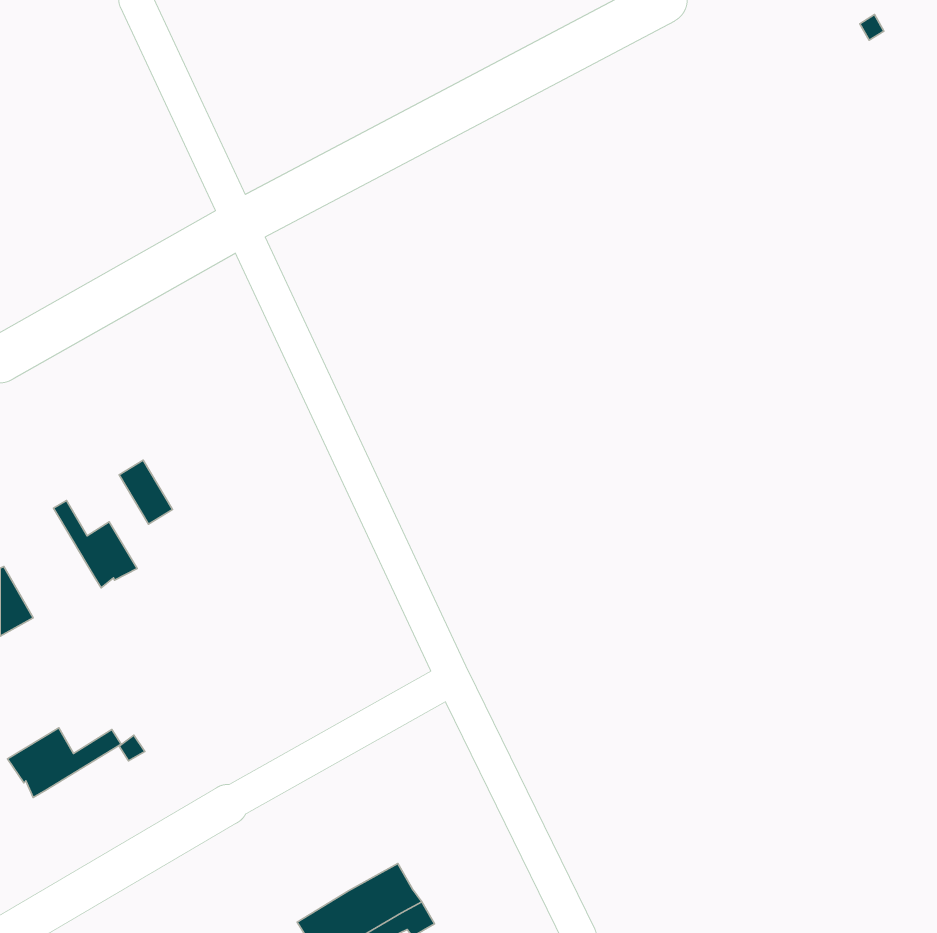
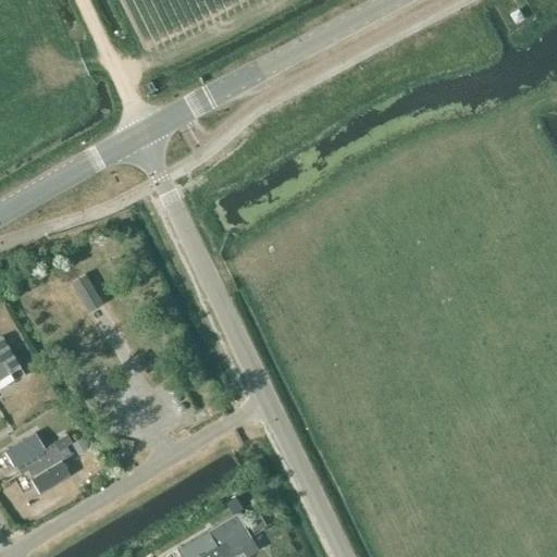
building: [53,500,137,588] -> none
building: none -> [27,447,71,495]

